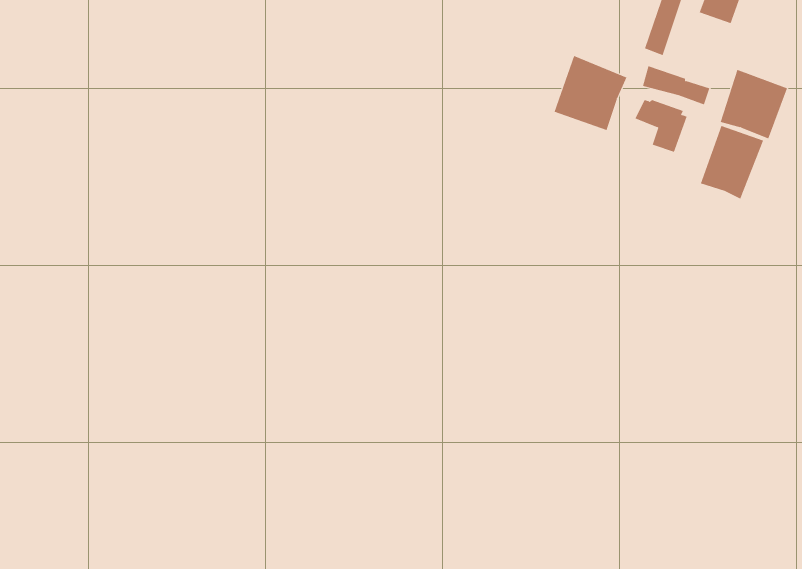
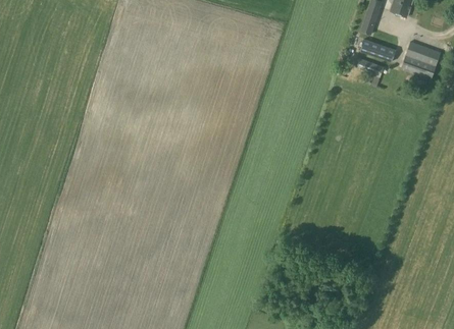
building: [554,55,627,131] -> none
building: [700,125,764,200] -> none

